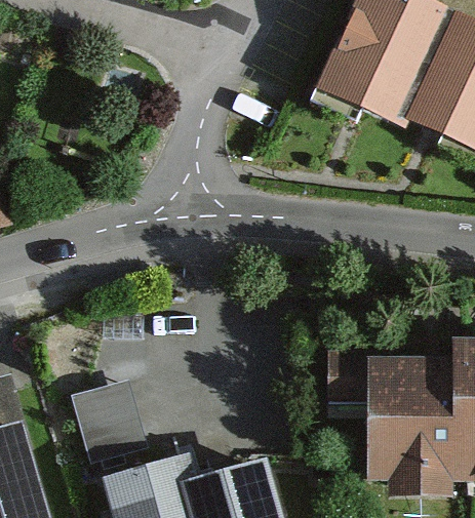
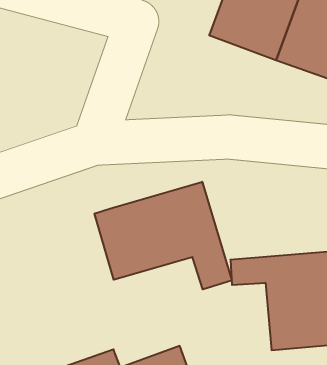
building: none -> [95,182,232,289]
building: [75,372,152,464] -> none

